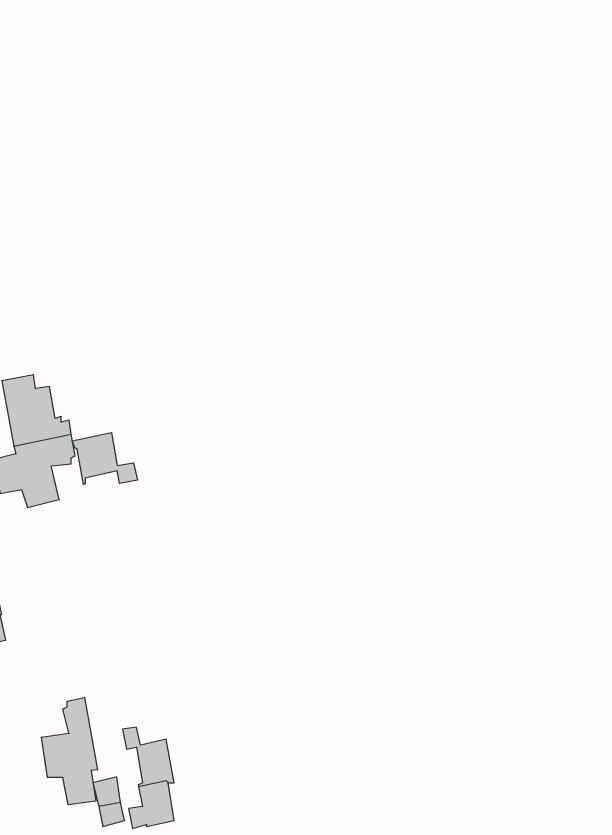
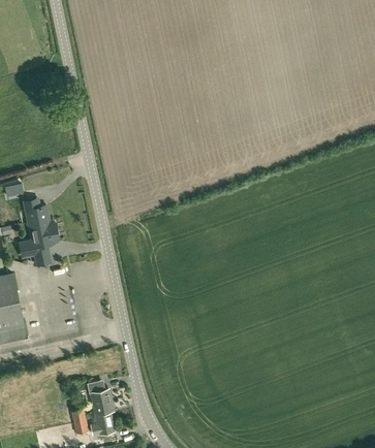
building: [72,433,138,484] -> none
building: [41,697,98,805] -> none

